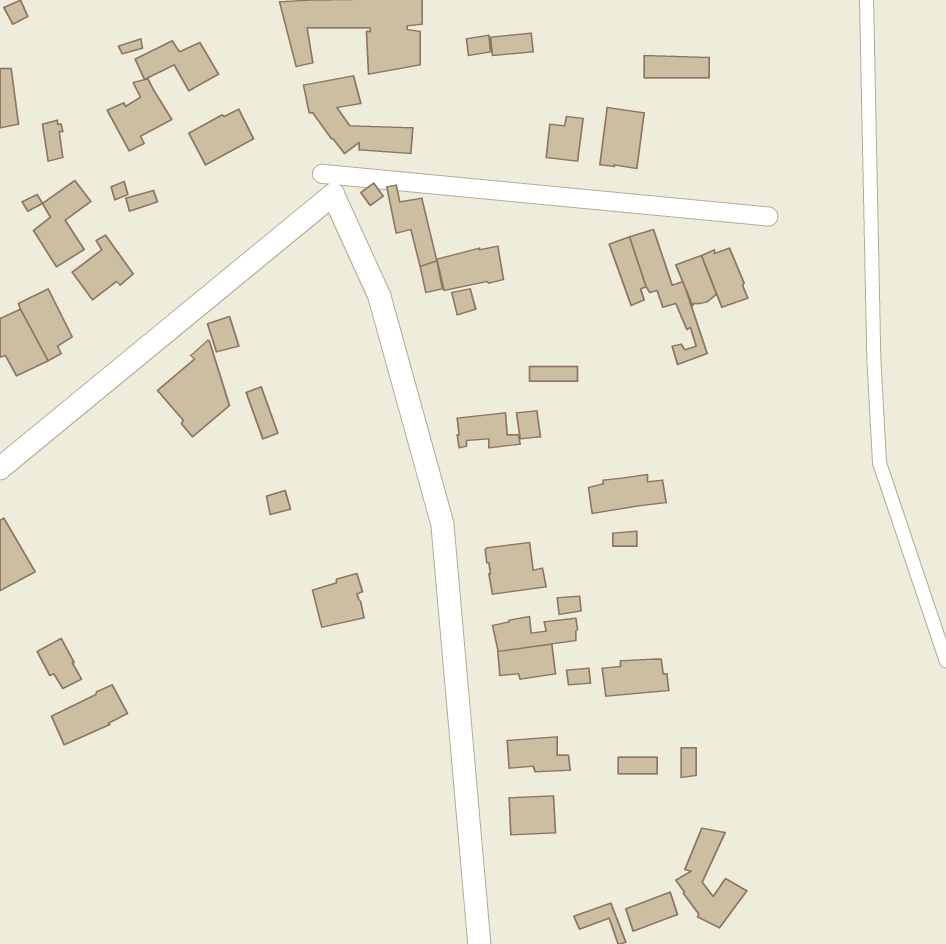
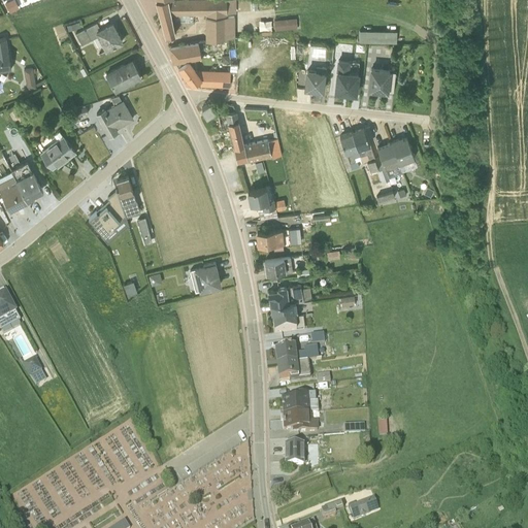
building: [107,79,172,151] -> [96,95,132,135]
building: none -> [368,68,395,92]
building: [33,181,91,267] -> none
building: none -> [246,188,276,219]
building: none -> [263,257,292,274]
building: [588,475,666,513] -> [268,285,311,306]
building: [312,573,364,627] -> [190,262,219,292]
building: [602,659,669,696] -> [280,392,318,412]
building: [52,685,128,745] -> none
building: [676,828,747,928] -> none

